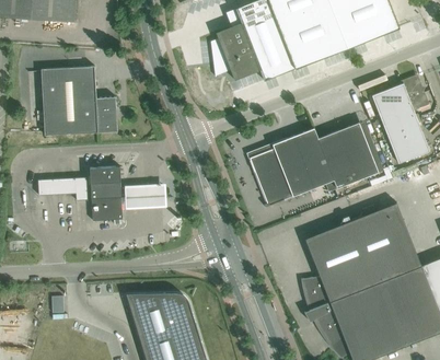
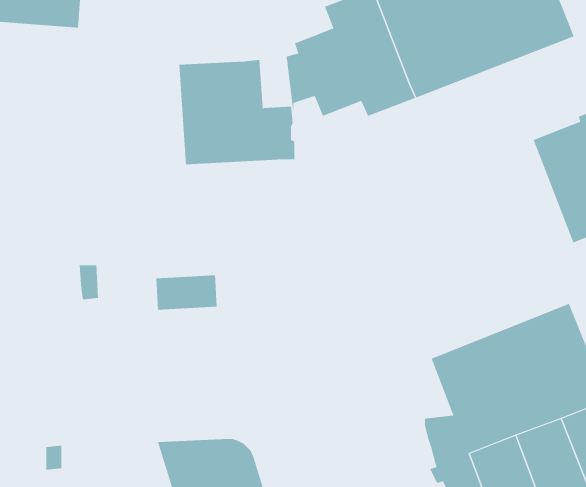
building: [40,66,117,135] -> [178,60,295,165]
building: [250,121,379,207] -> none
building: [90,166,123,220] -> none
building: [43,177,76,195] -> none

